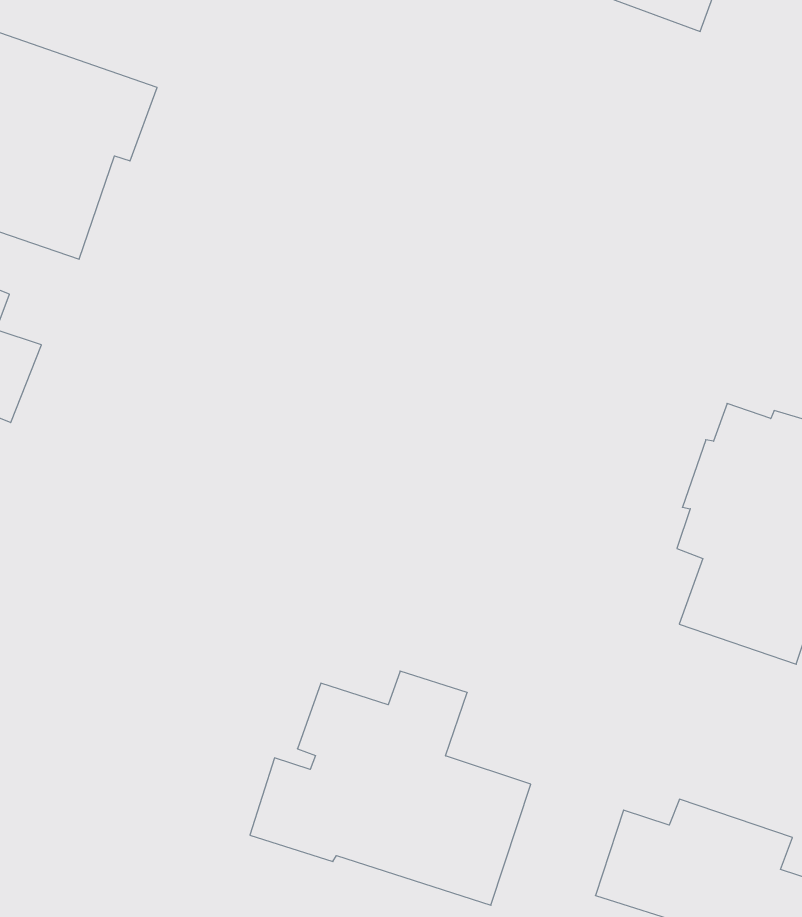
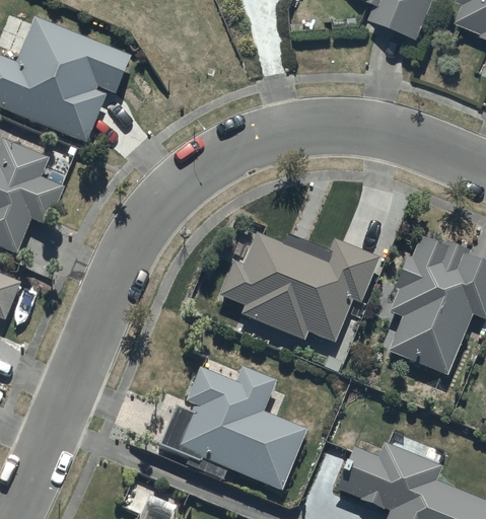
building: none -> [219,234,377,344]

